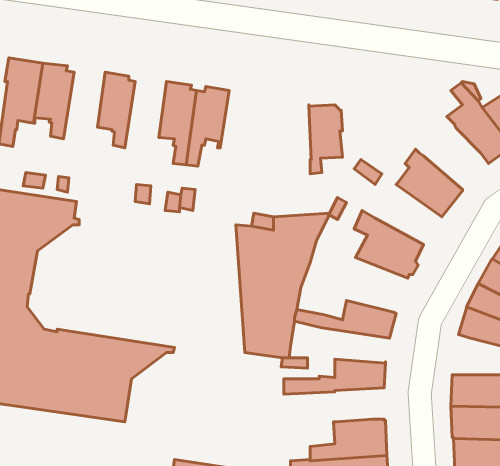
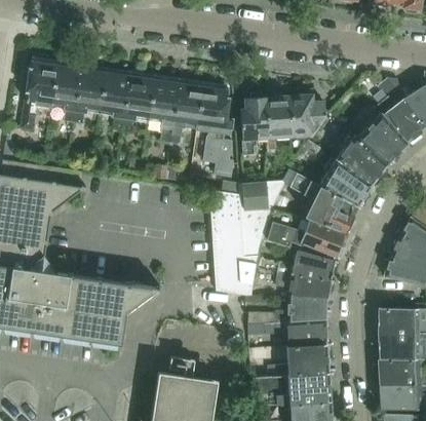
building: none -> [73,68,107,132]
building: none -> [121,75,155,144]
building: none -> [197,85,234,178]
building: none -> [241,93,269,155]
building: none -> [292,97,330,138]
building: none -> [357,113,409,163]
building: none -> [319,157,372,206]
building: none -> [266,219,345,258]
building: none -> [275,272,331,300]
building: none -> [247,319,326,346]

